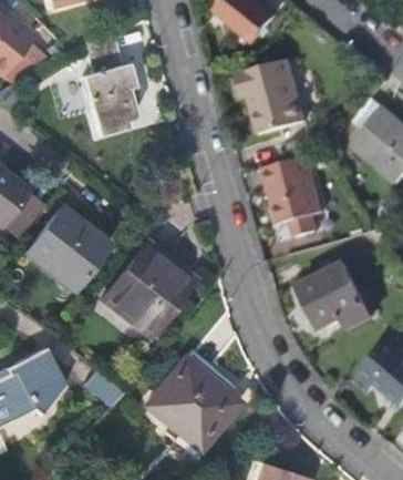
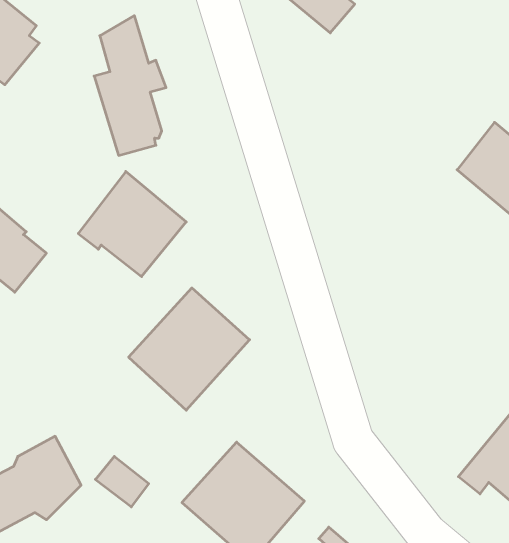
building: [240,61,310,135] -> none
building: [268,157,328,238] -> none
building: [25,203,109,284] -> [78,171,186,277]
building: [304,264,376,331] -> none

